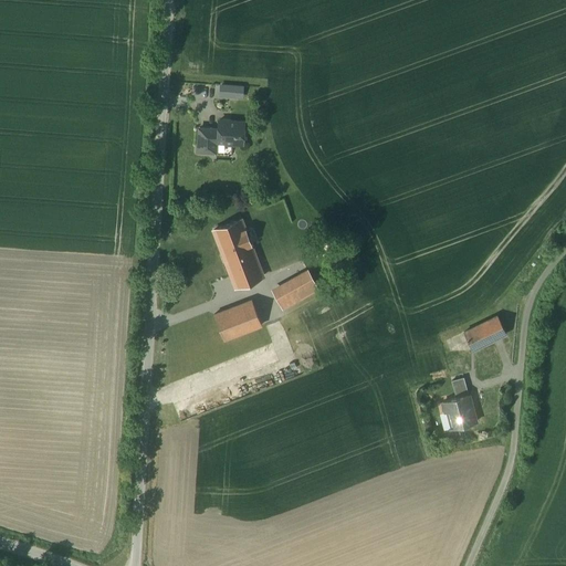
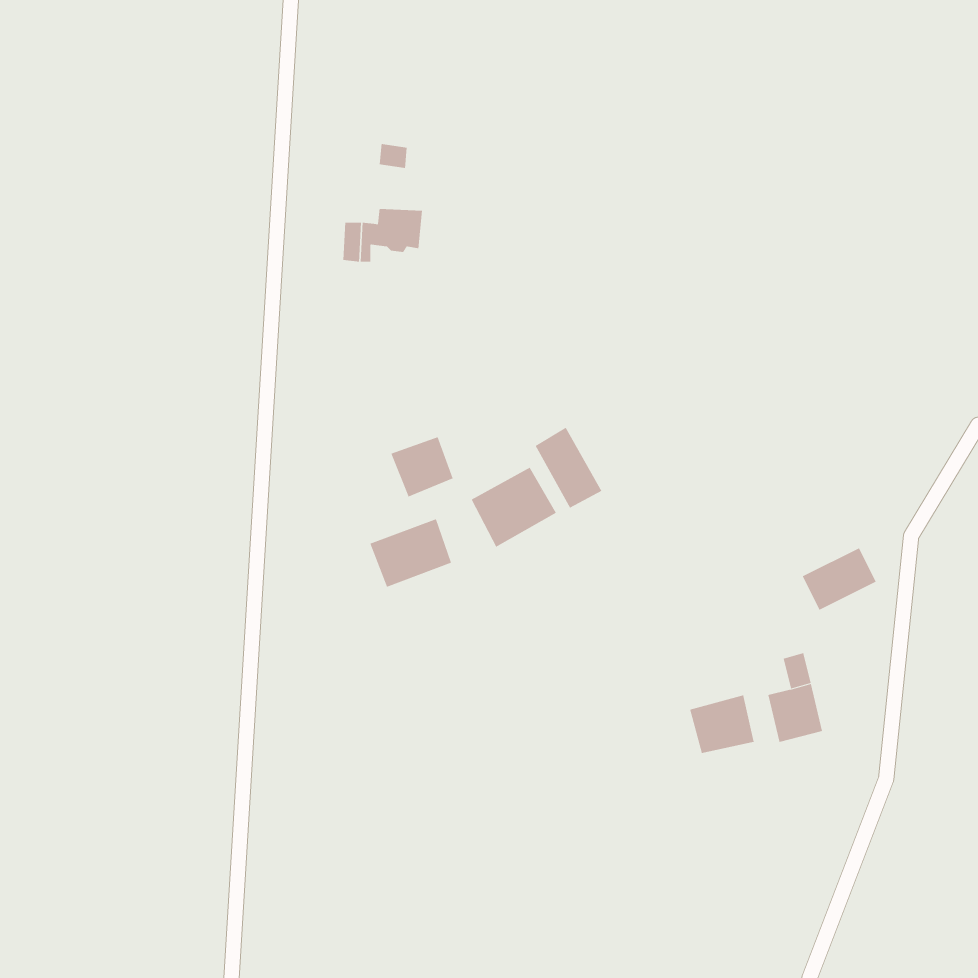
building: [213,219,255,262] -> none
building: none -> [535,427,602,508]
building: none -> [690,695,755,754]

